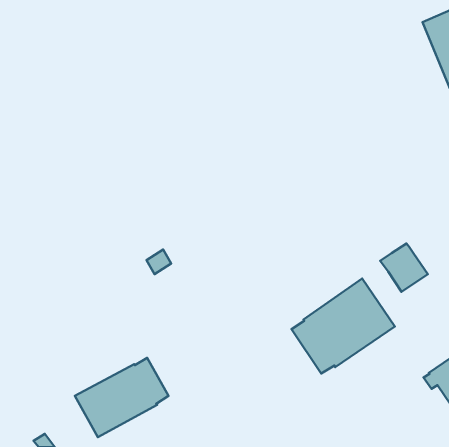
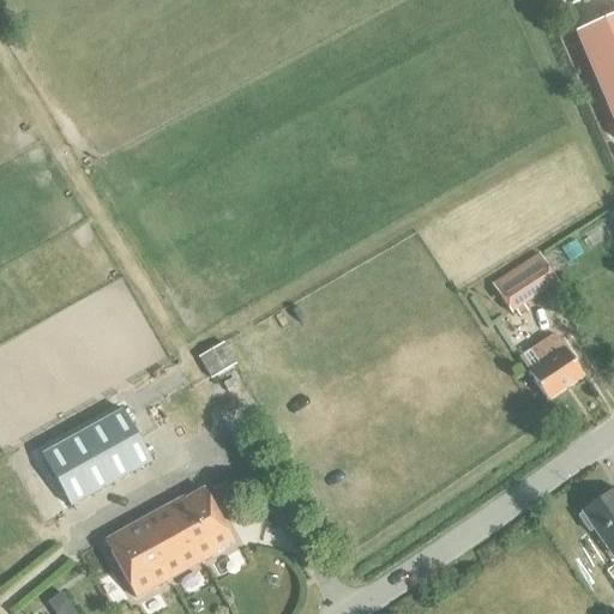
building: none -> [493,249,559,311]
building: [291,279,395,373] -> none
building: none -> [43,407,152,504]

